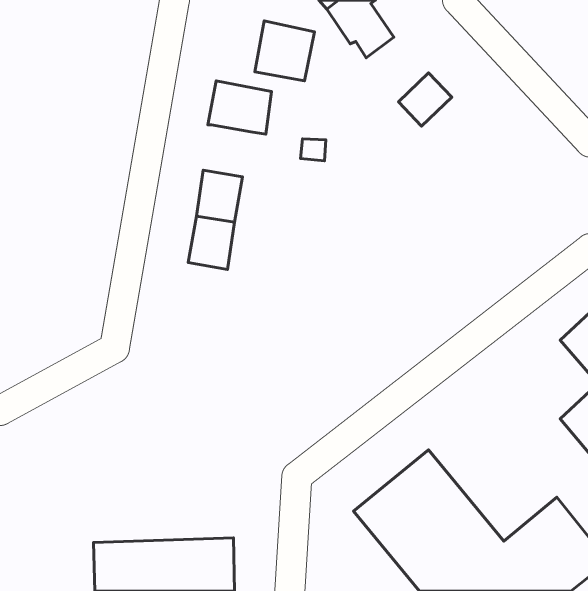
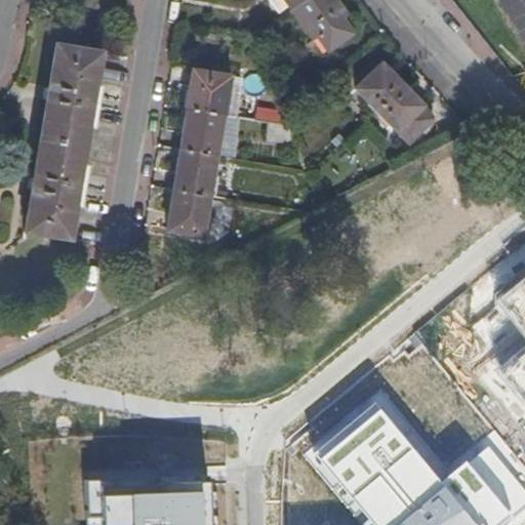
building: [255,21,314,81] -> none
building: none -> [26,46,103,240]
building: none -> [376,86,423,133]
building: none -> [183,111,225,157]

